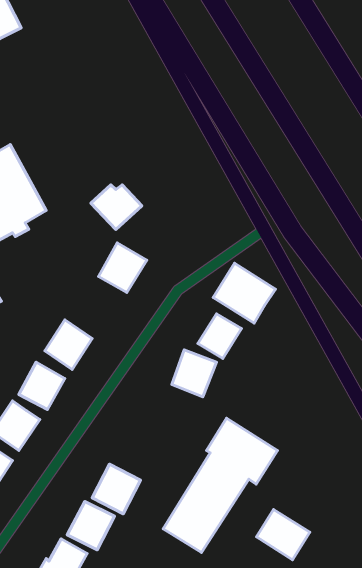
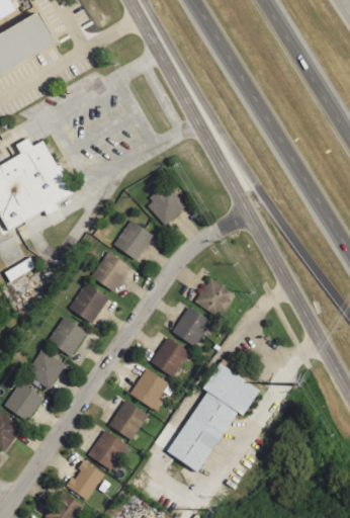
building: [91,185,142,229] -> [146,188,187,225]
building: [213,263,276,323] -> none
building: none -> [92,252,132,291]
building: none -> [152,336,189,375]
building: none -> [130,367,171,411]
building: [256,510,310,560] -> none

